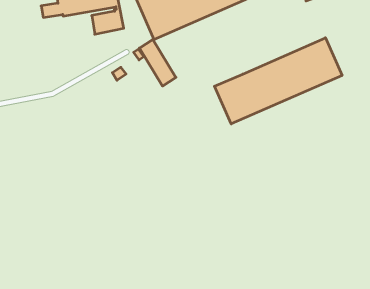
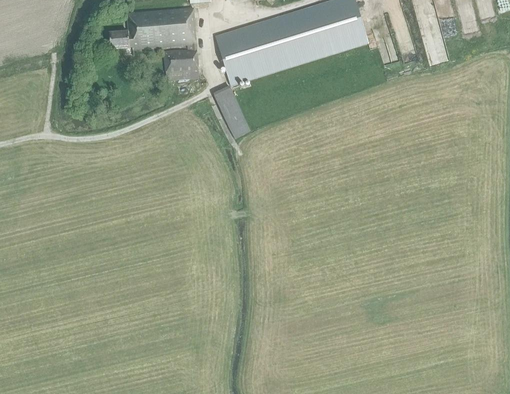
building: [214,38,342,124] -> none

